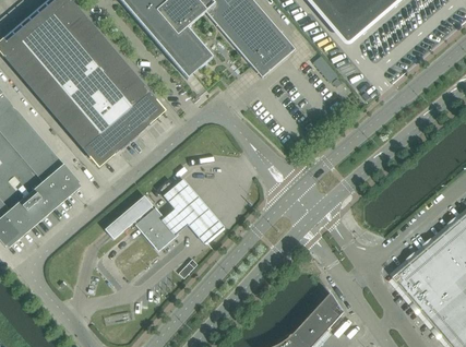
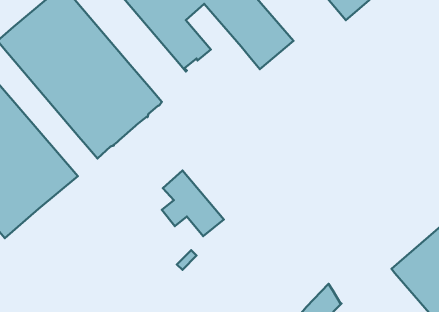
building: [105,194,176,249] -> none

